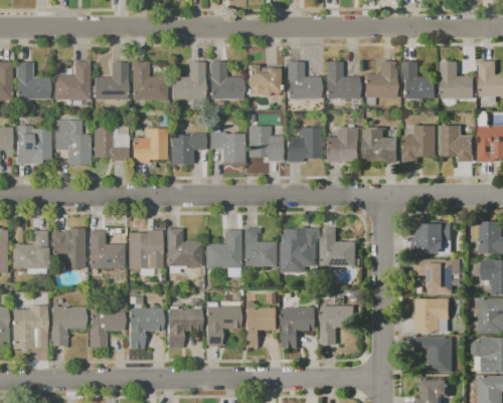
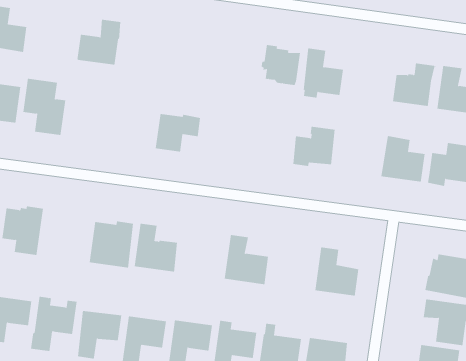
building: [51,61,88,98] -> none
building: [132,61,168,99] -> none
building: [326,61,359,98] -> none
building: [172,62,205,99] -> none
building: [210,62,243,98] -> none
building: [248,126,284,161] -> none
building: [94,127,129,161] -> none
building: [327,128,361,162] -> none
building: [133,129,167,163] -> none
building: [210,132,244,164] -> none
building: [283,226,318,272] -> none
building: [90,230,125,268] -> none
building: [206,230,240,268] -> none

